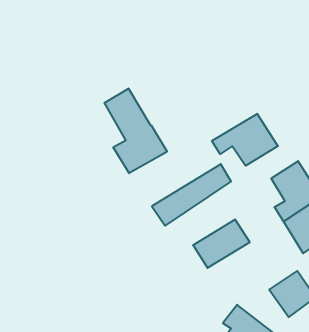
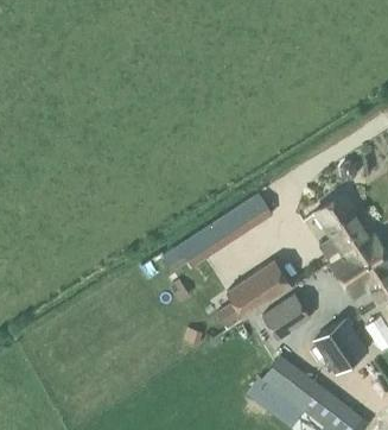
building: [104,88,167,173] -> none
building: [212,114,278,166] -> none
building: none -> [260,293,307,339]

